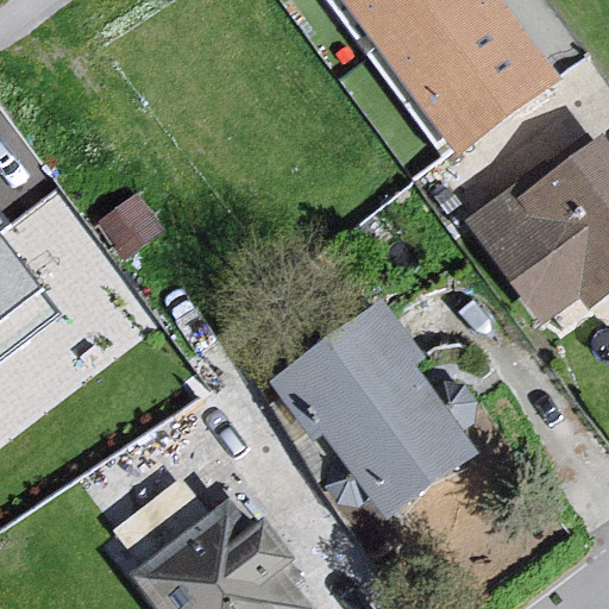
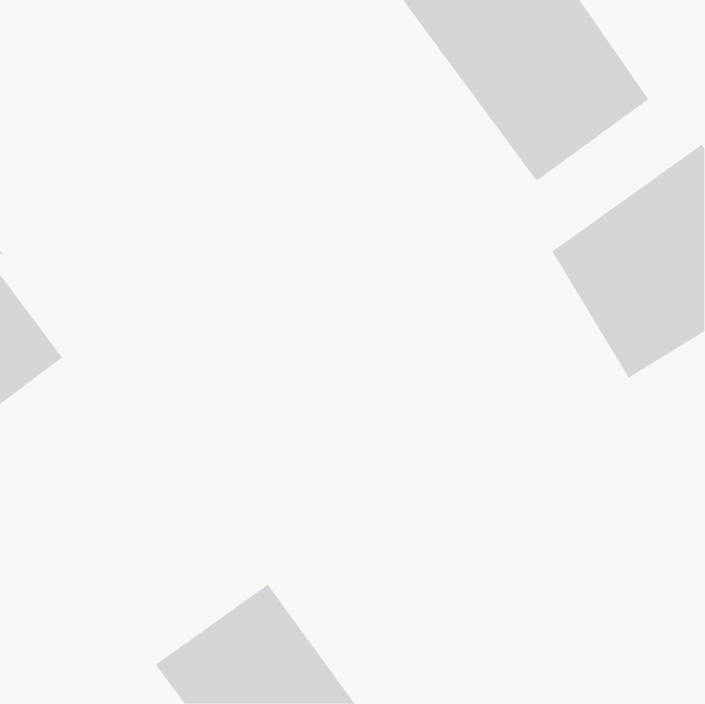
building: [266,306,483,525] -> none

